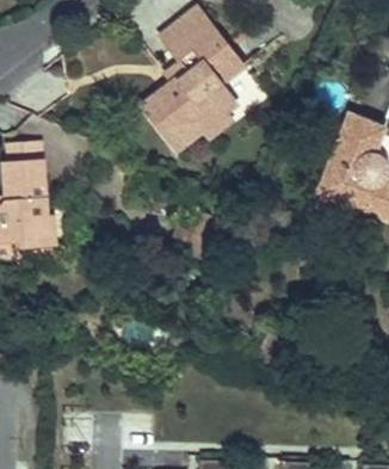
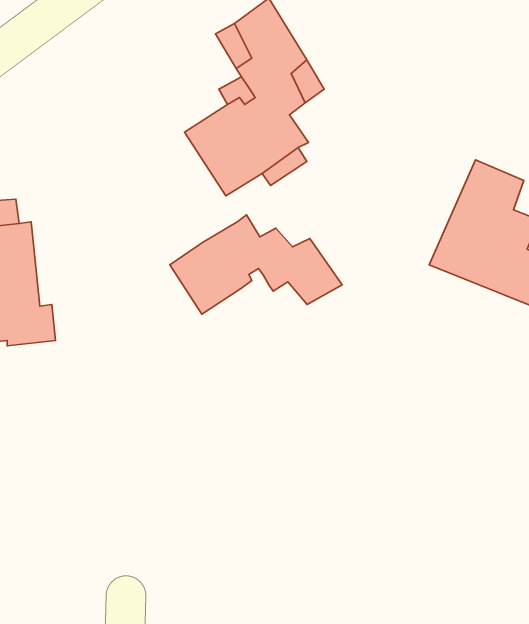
building: none -> [170,215,342,314]

